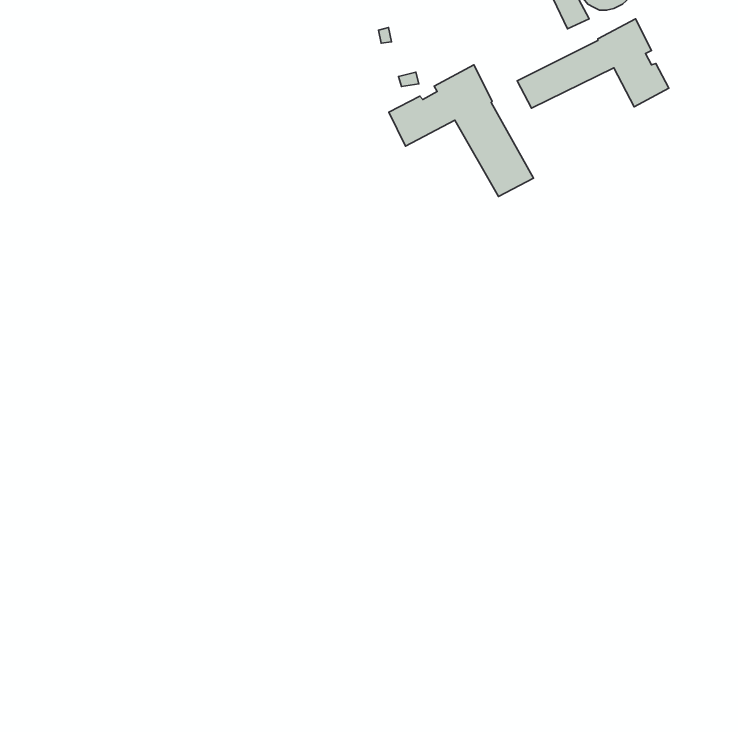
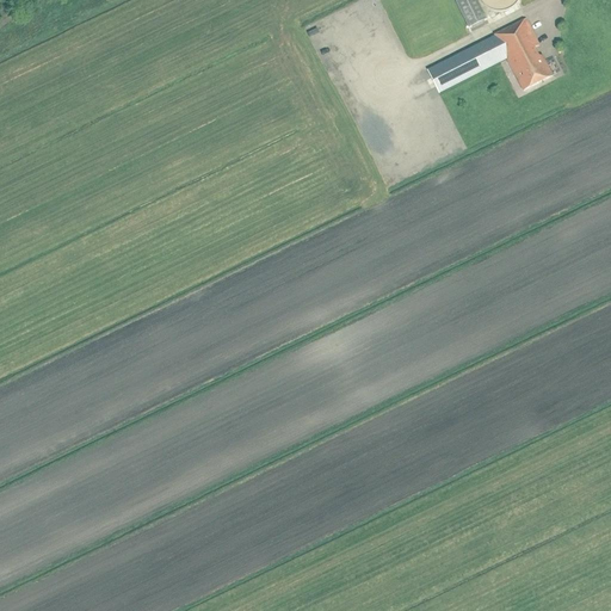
building: [389,65,533,197] -> none

